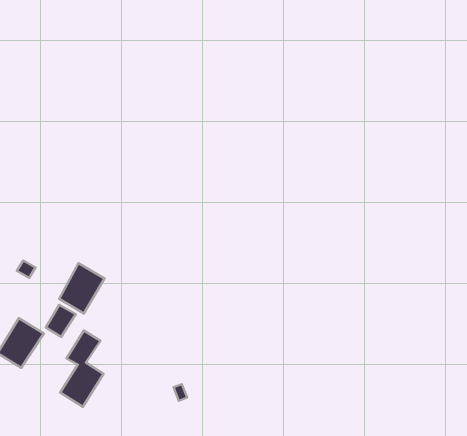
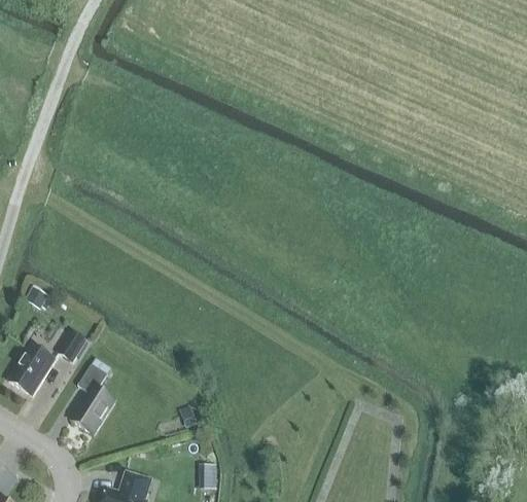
building: [59,263,105,313] -> none

